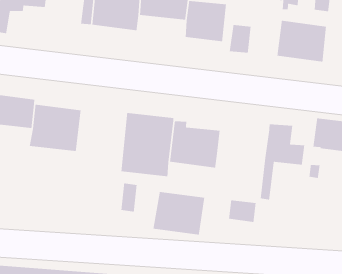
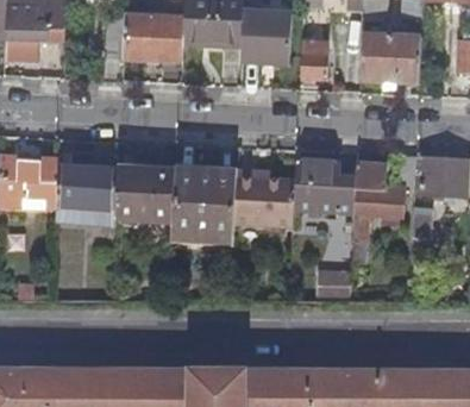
building: none -> [117,167,175,221]
building: none -> [295,163,357,211]
building: [153,191,205,236] -> none

